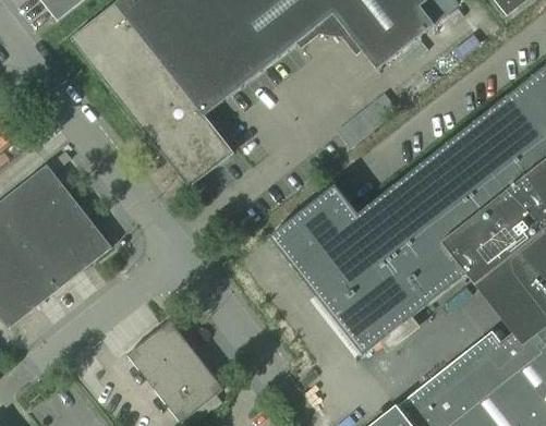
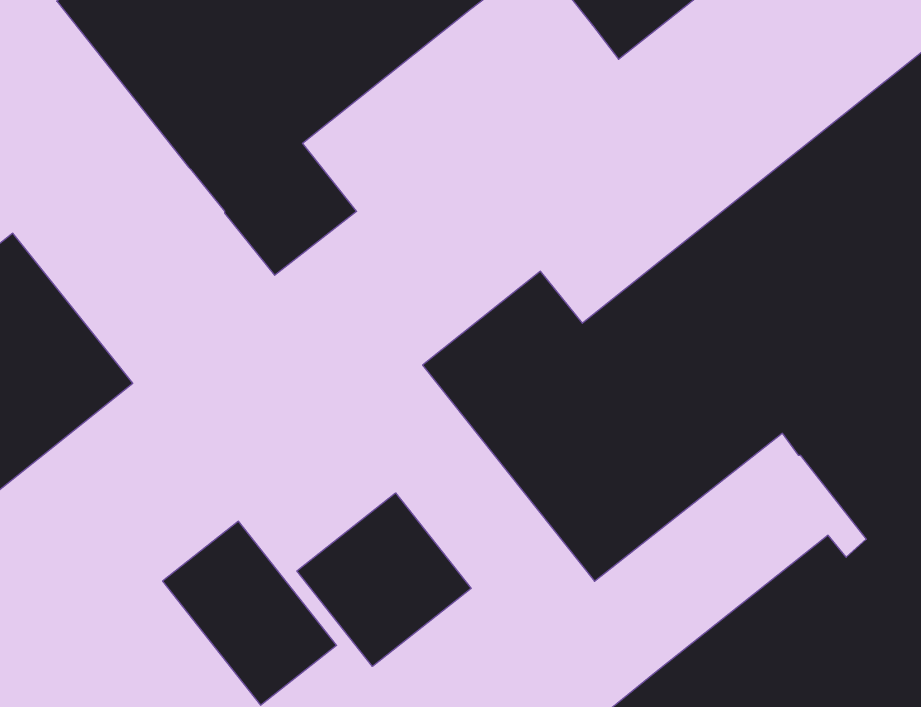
building: none -> [297,493,471,666]

